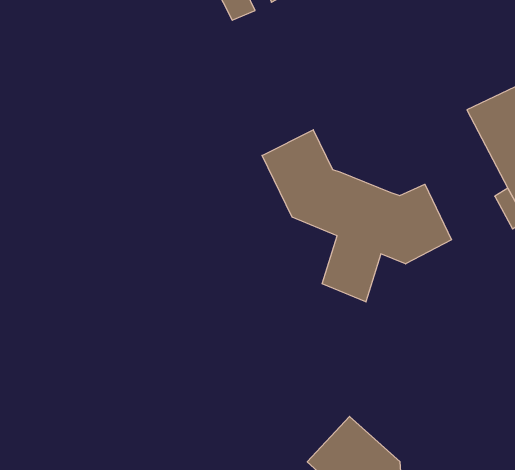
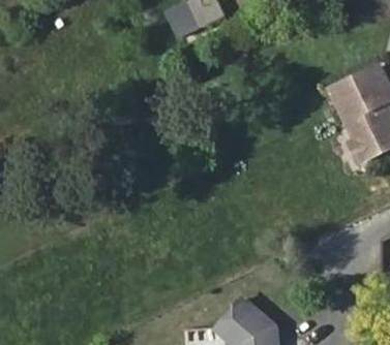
building: [262,130,452,302] -> none

